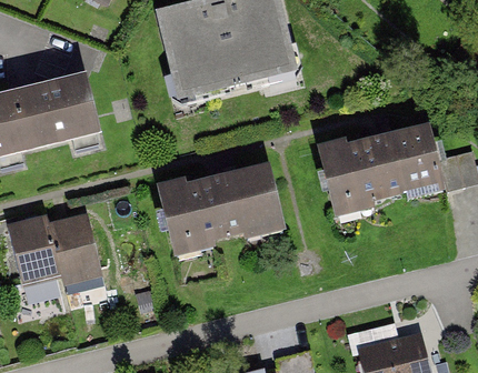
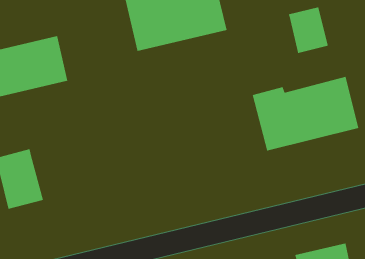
building: none -> [288,7,329,54]
building: [155,164,289,255] -> none
building: [49,212,108,284] -> none

